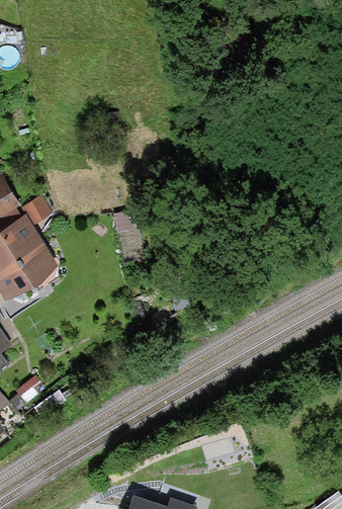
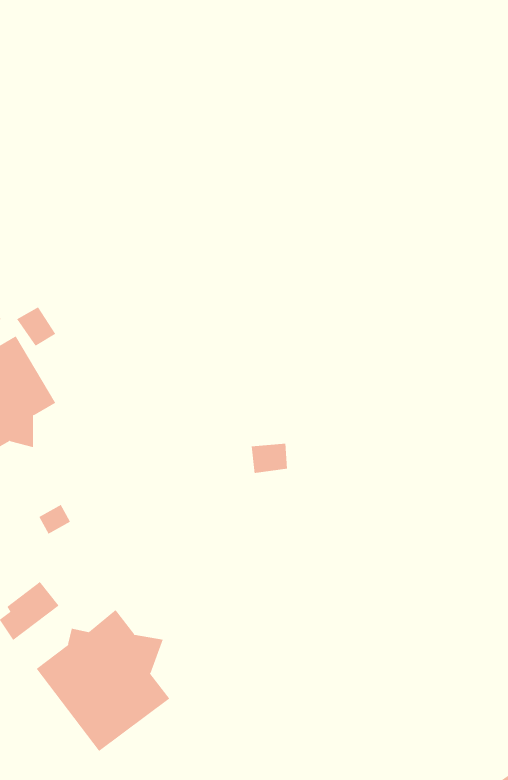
building: none -> [36,609,170,752]

